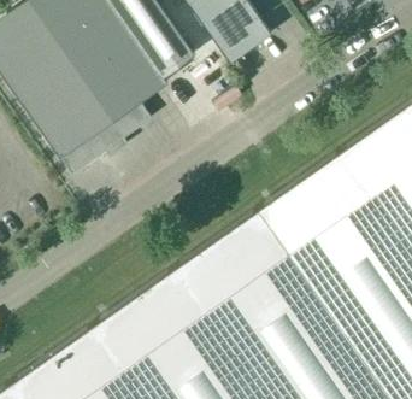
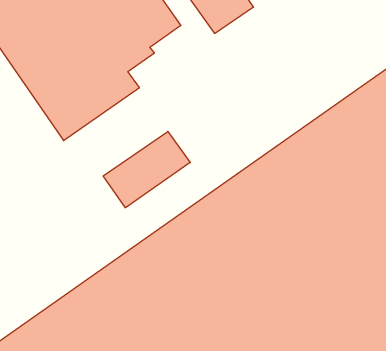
building: none -> [103,131,190,208]

